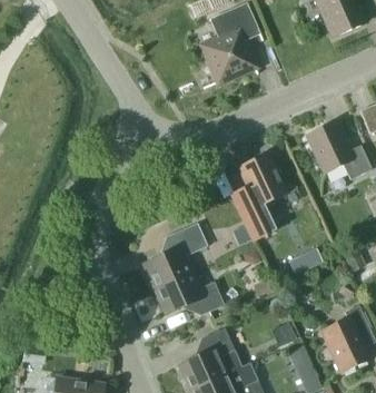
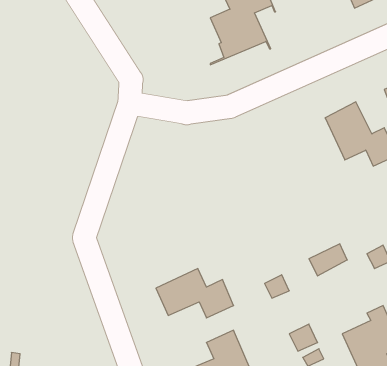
building: [230,154,286,240] -> none
building: [142,223,207,289] -> none

